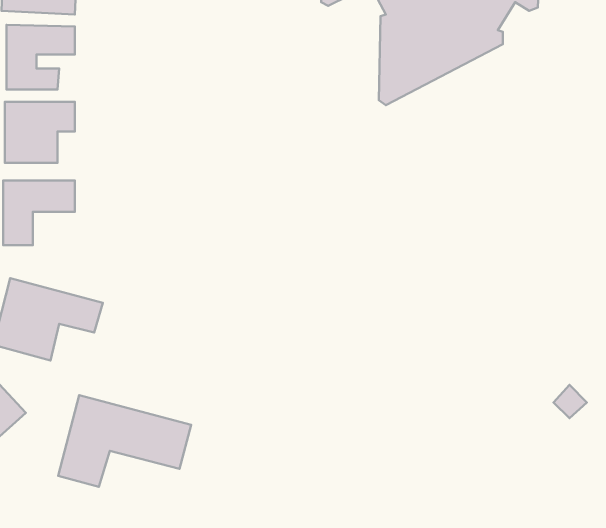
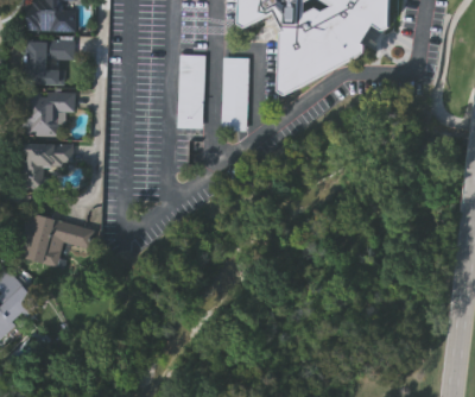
building: none -> [176,53,204,127]
building: none -> [221,56,249,131]
building: [58,395,191,487] -> none

